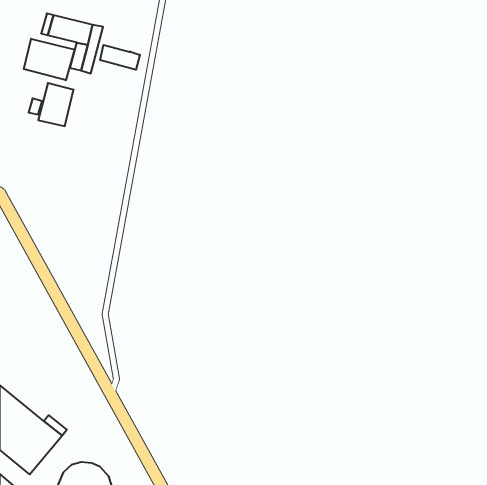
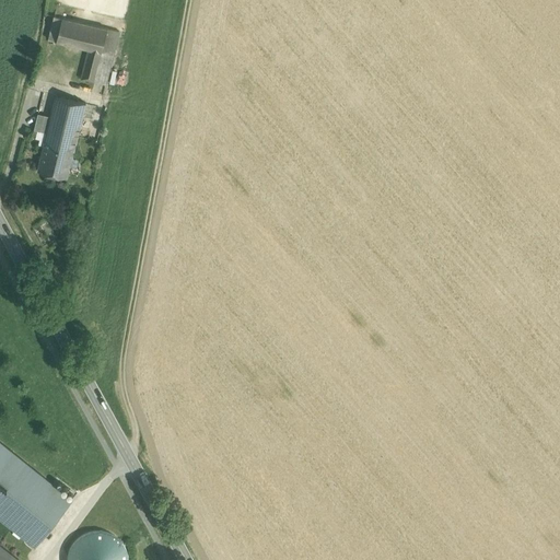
building: [24,39,75,80] -> none
building: [100,45,140,70] -> none
building: none -> [36,141,74,179]

